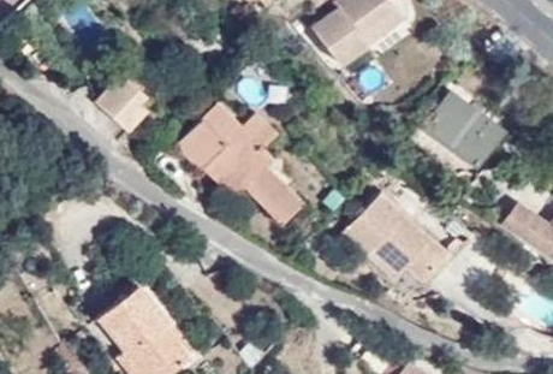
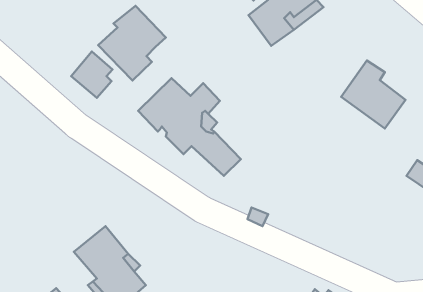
building: none -> [98,6,166,80]
building: [343,194,448,285] -> none

